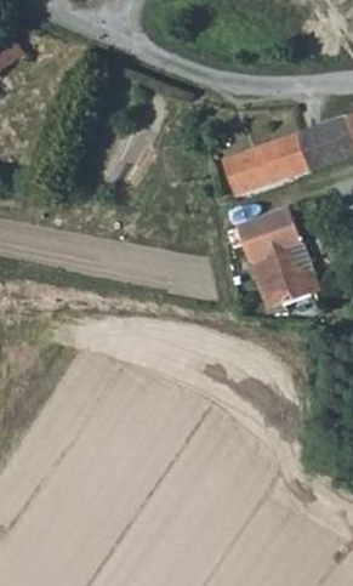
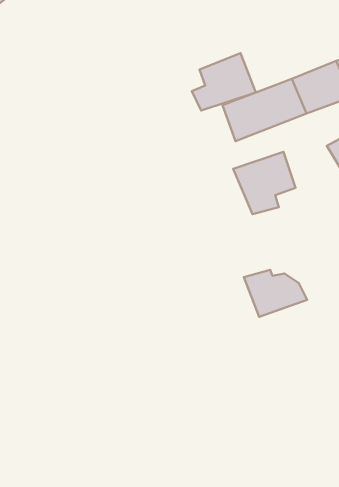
building: none -> [192,53,256,111]
building: [258,263,323,311] -> [244,270,307,317]

